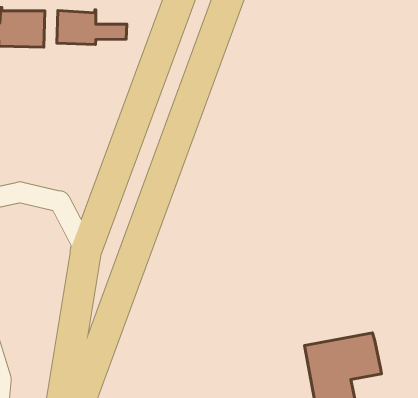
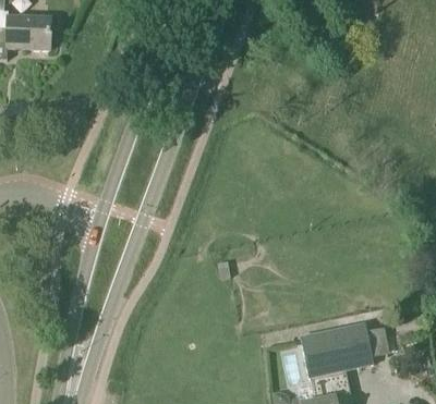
building: [57,10,127,44] -> none

